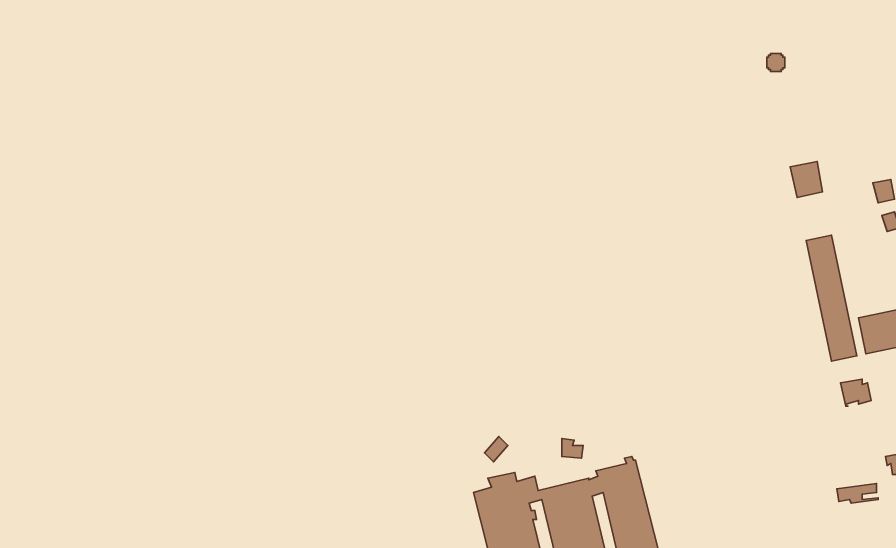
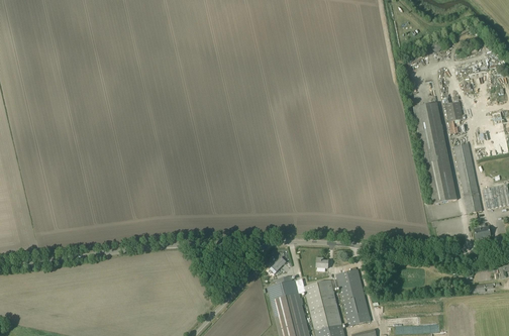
building: none -> [414,102,457,204]

